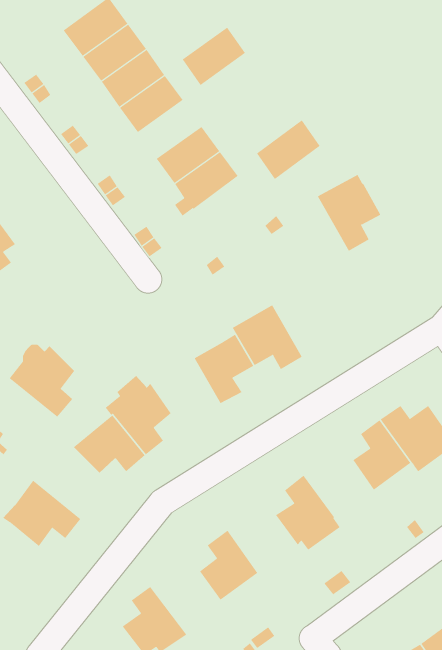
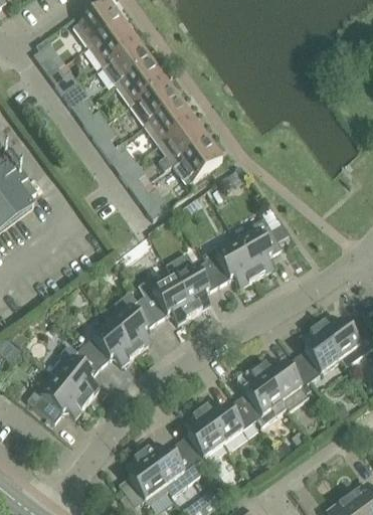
building: [182,27,246,86] -> [131,80,180,126]
building: [256,120,320,180] -> [173,139,222,185]
building: [317,174,381,251] -> [233,218,283,278]
building: [9,344,76,418] -> [50,346,102,402]
building: none -> [139,272,194,323]
building: none -> [258,357,312,411]
building: none -> [200,399,253,444]
building: none -> [141,443,201,496]

